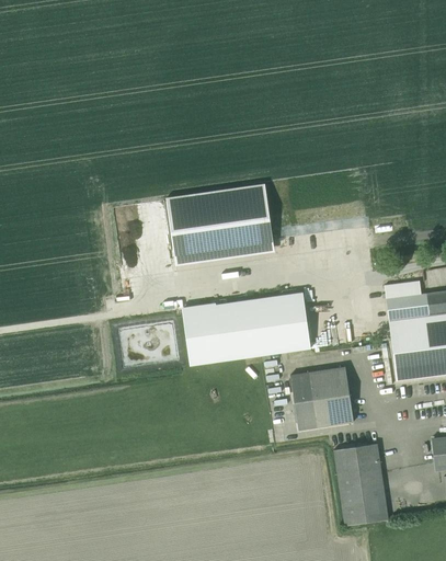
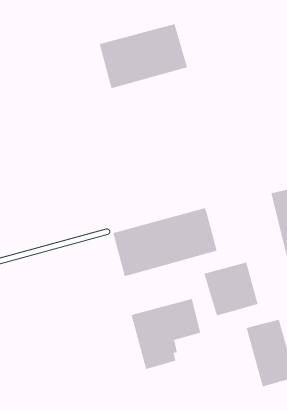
building: [165,184,273,255] -> [99,24,188,89]
building: none -> [131,298,201,370]

